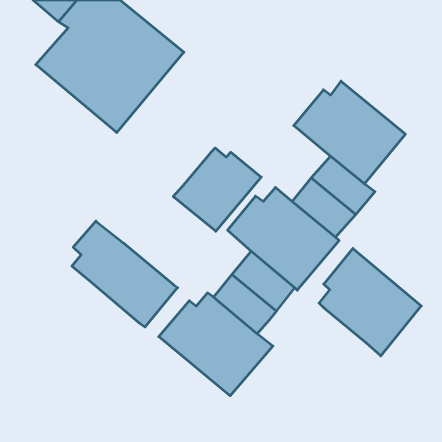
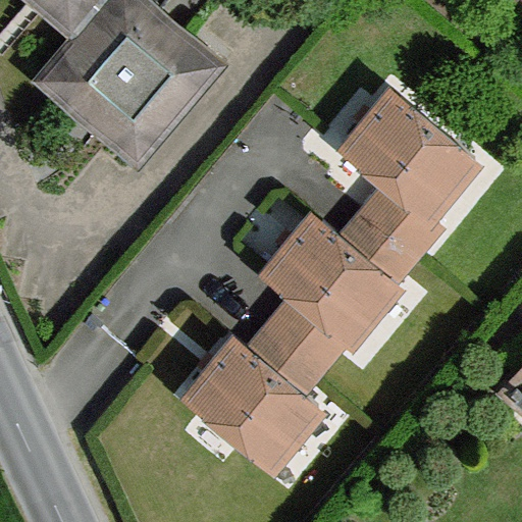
building: [173,148,261,231] -> none
building: [72,221,178,327] -> none
building: [319,248,421,356] -> none

